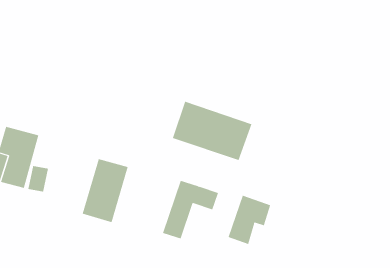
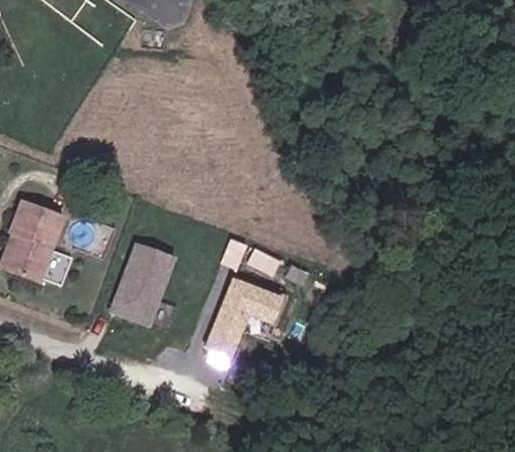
building: [172,101,252,161] -> none
building: [228,195,271,245] -> none

